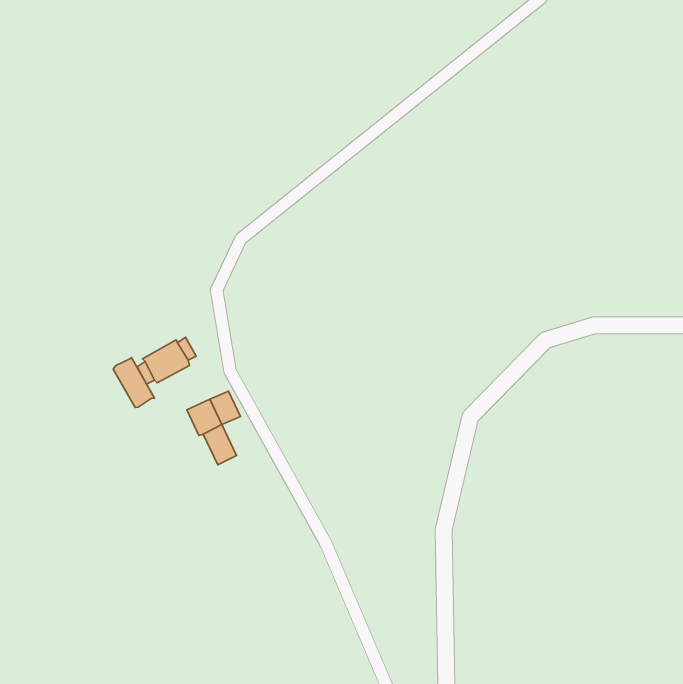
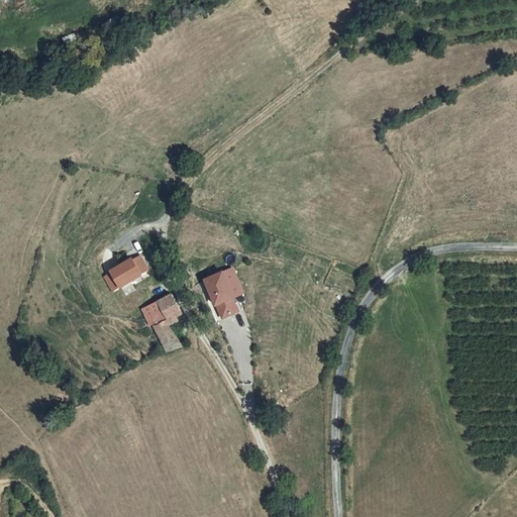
building: none -> [204,267,242,316]
building: [113,358,154,408] -> none

